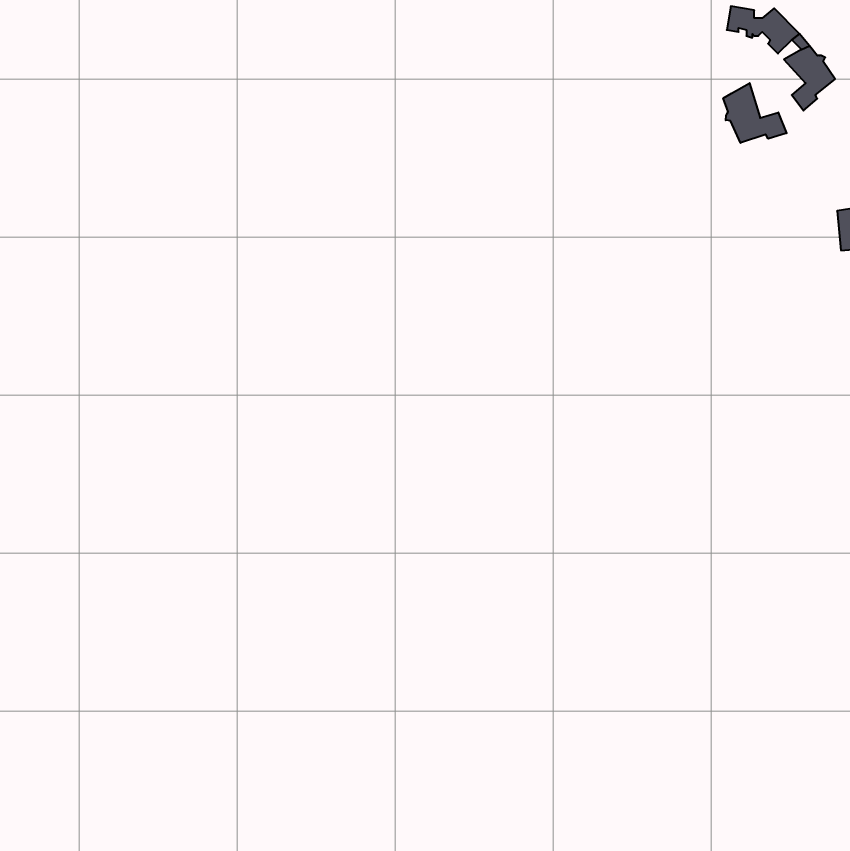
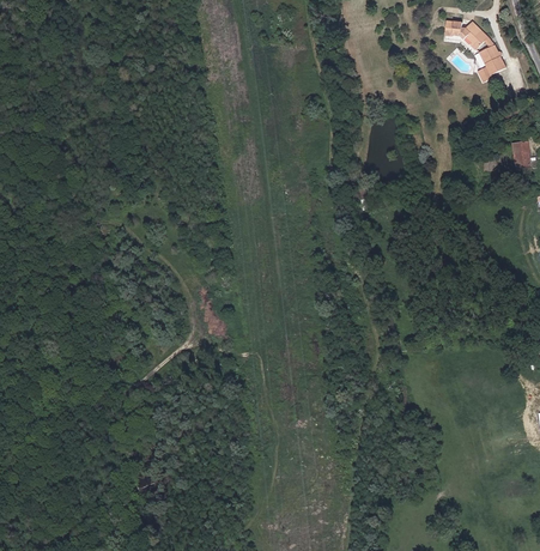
building: [723,83,787,143] -> none

